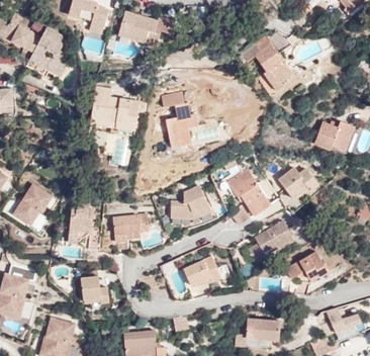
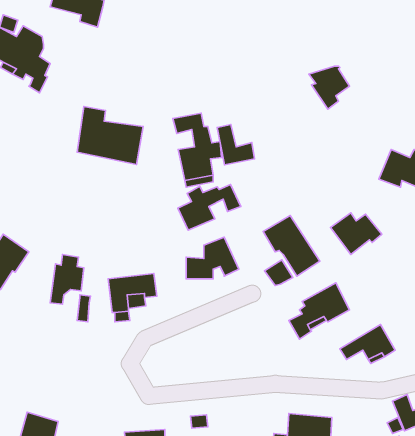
building: [117,12,174,46] -> none
building: [240,35,284,64] -> none
building: none -> [217,125,255,165]
building: none -> [178,185,241,230]
building: [183,257,220,285] -> none
building: [80,276,108,303] -> none

